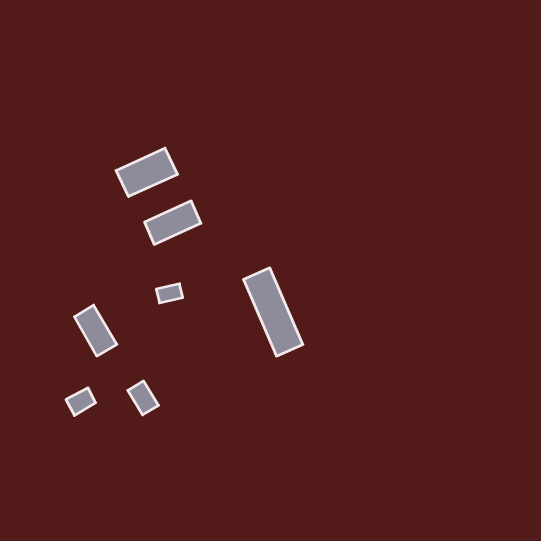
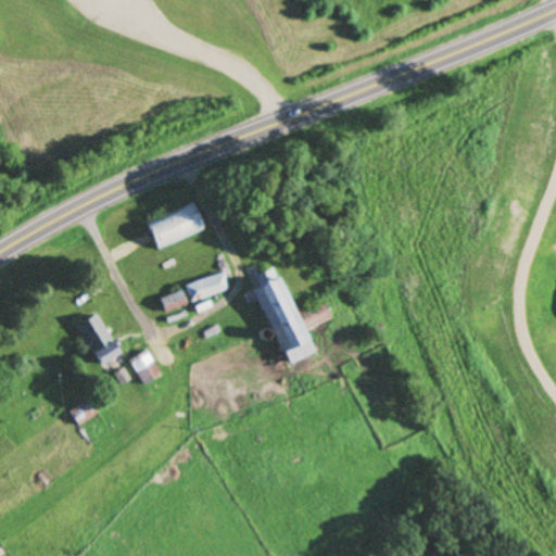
building: [116,148,178,197] -> none
building: none -> [188,270,232,301]
building: [128,381,159,415] -> [130,349,162,383]

